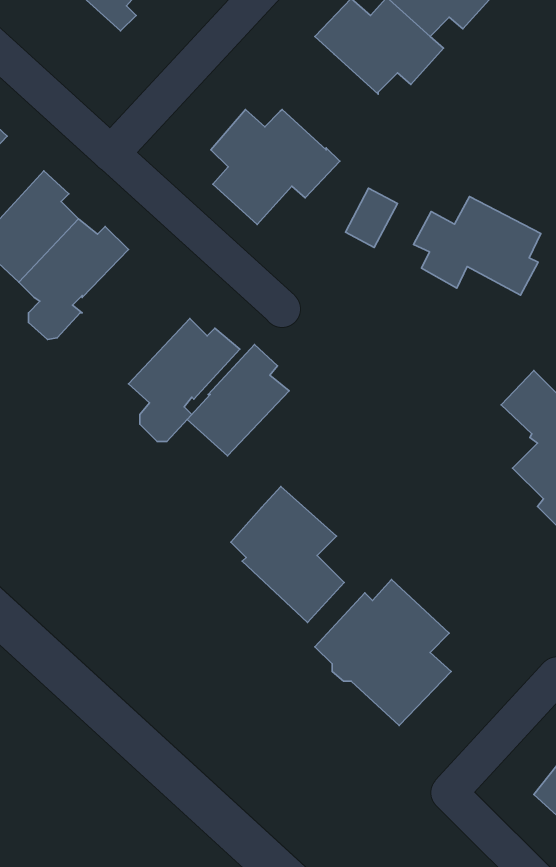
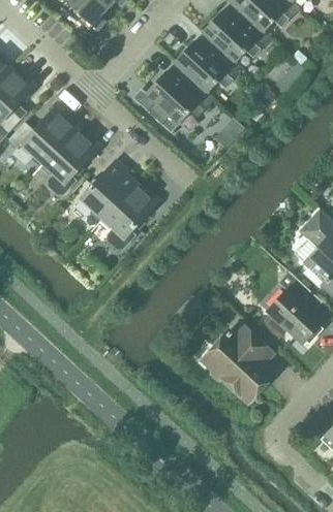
building: none -> [174,41,243,93]
building: [414,196,541,295] -> none
building: [187,345,289,456] -> [80,159,134,219]
building: [231,486,344,623] -> [261,270,322,344]

